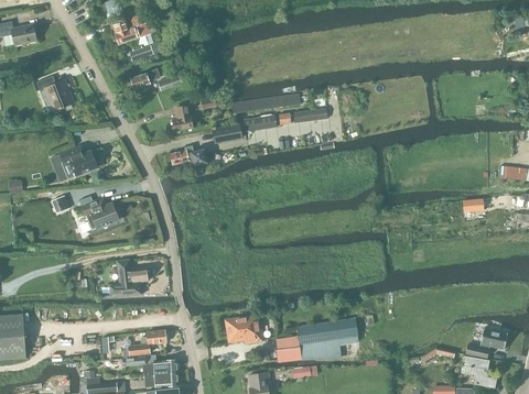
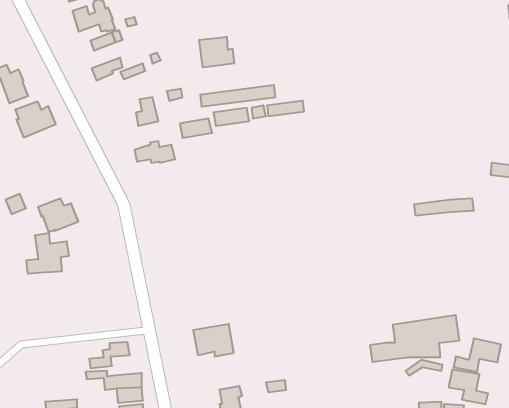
building: none -> [199,37,234,67]
building: [61,145,98,178] -> [15,102,56,137]
building: [109,259,149,296] -> [26,233,69,274]
building: [276,318,358,361] -> [370,315,459,362]

